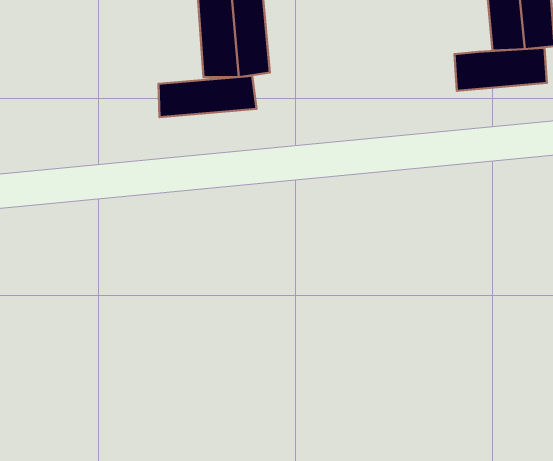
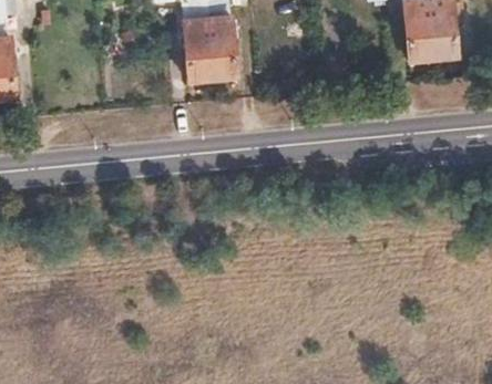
building: [454,48,547,91] -> none
building: [159,76,256,117] -> none

